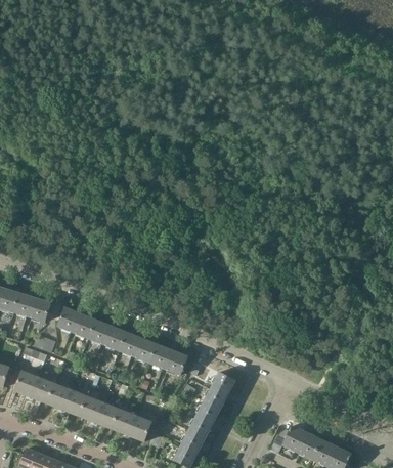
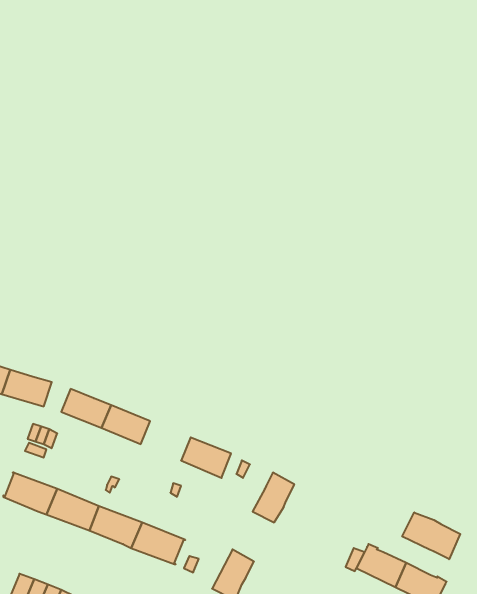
building: [119,332,157,361] -> none
building: [188,400,220,438] -> none
building: none -> [402,512,460,559]

